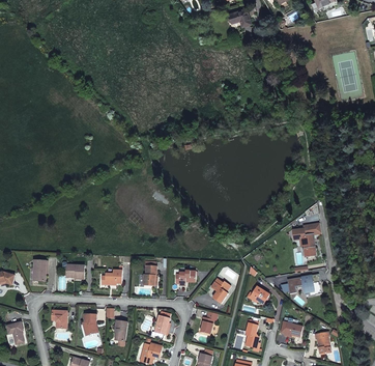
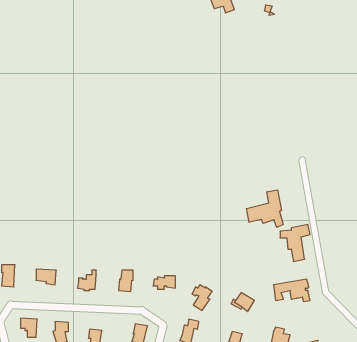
building: none -> [246,190,283,227]

